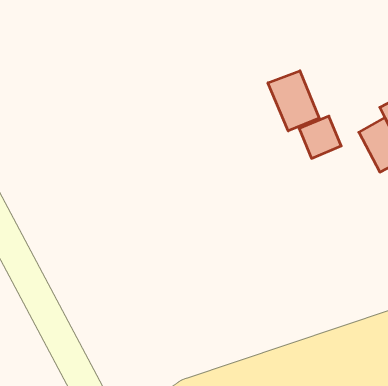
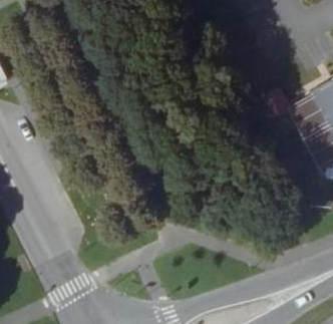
building: [268,71,319,131] -> none

